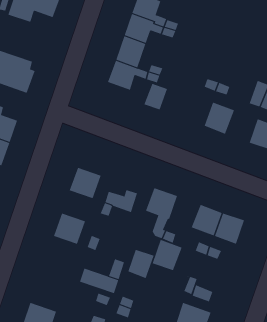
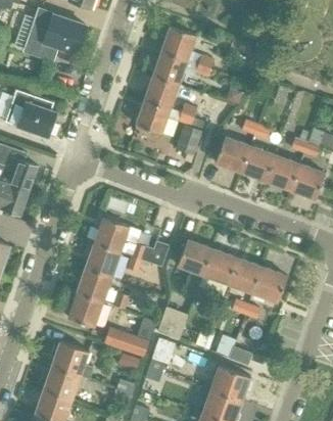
building: none -> [216,137,251,173]
building: none -> [266,155,300,191]
building: none -> [86,243,121,277]
building: none -> [68,293,103,327]
building: [152,239,183,271] -> [204,249,238,284]
building: none -> [51,341,94,379]

